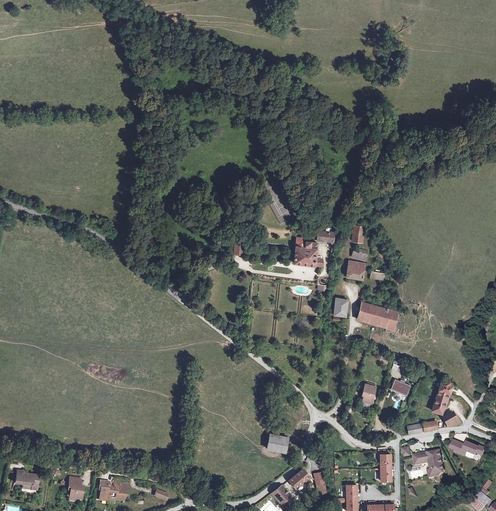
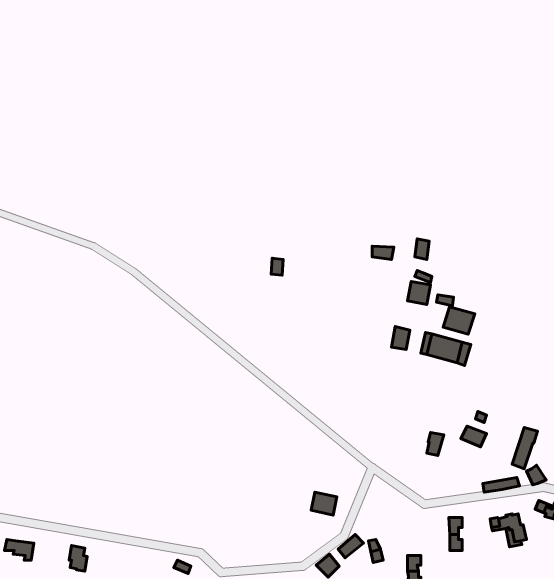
building: [293,237,323,266] -> none
building: none -> [443,307,475,334]
building: [99,480,128,499] -> none

